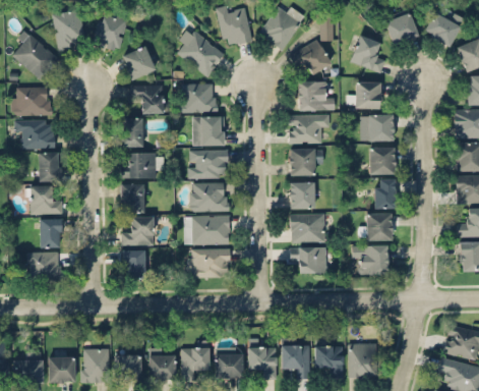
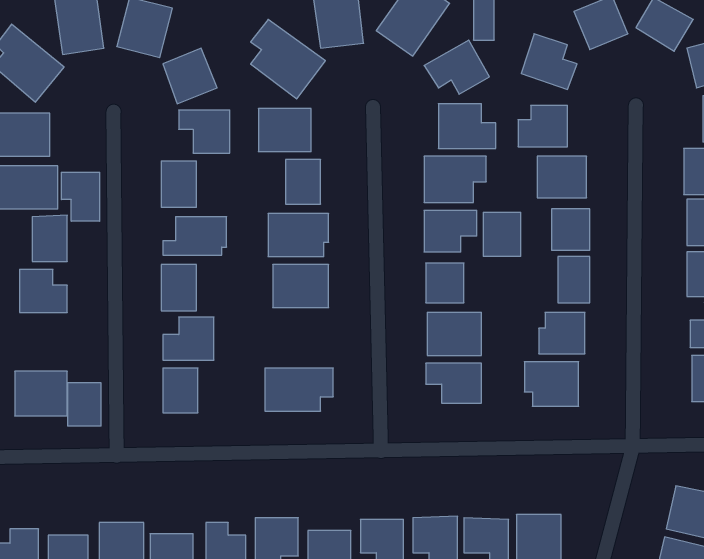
building: none -> [61,172,100,221]
building: none -> [483,212,521,256]
building: [183,216,231,244] -> none
building: [41,219,62,246] -> [68,383,101,426]

